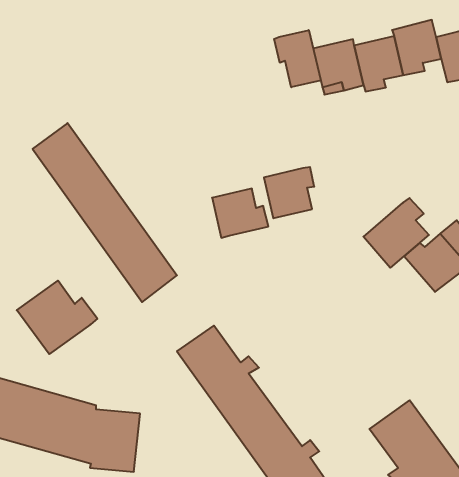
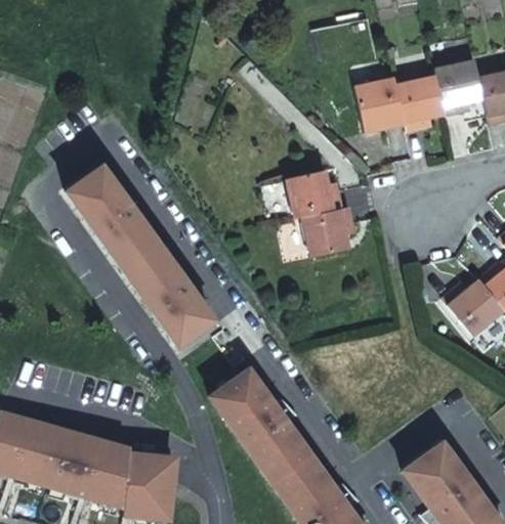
building: [274,30,321,87] -> none
building: [212,189,268,238] -> [283,172,339,221]
building: [363,198,429,268] -> none
building: [17,281,97,354] -> none

